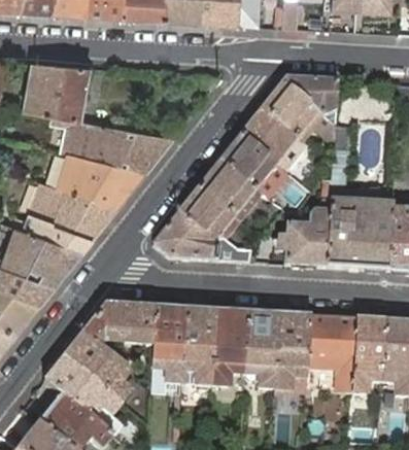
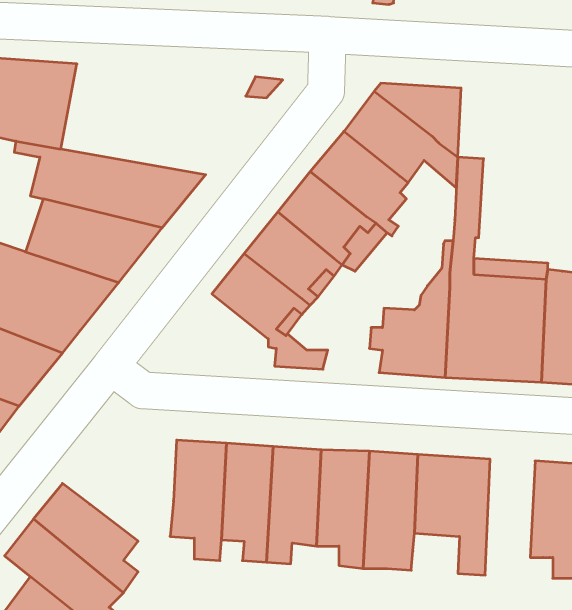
building: [154,213,218,259] -> none
building: [81,305,155,348] -> none
building: [352,319,384,393] -> none

